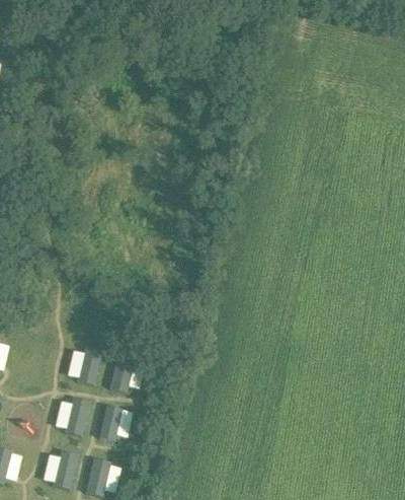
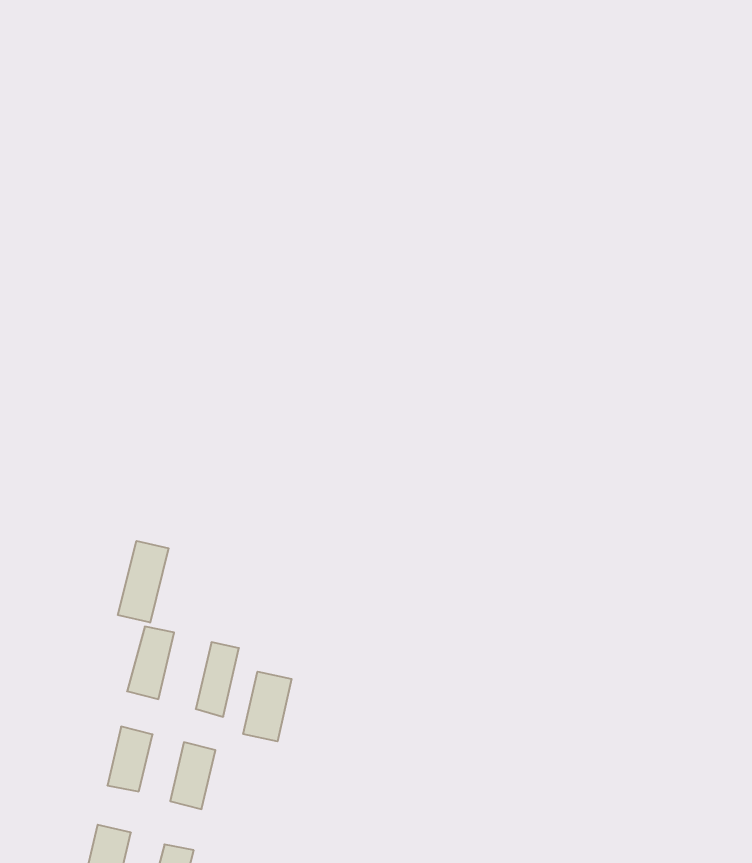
building: none -> [118,541,169,623]
building: none -> [243,672,292,741]

